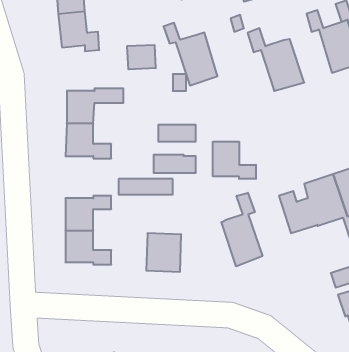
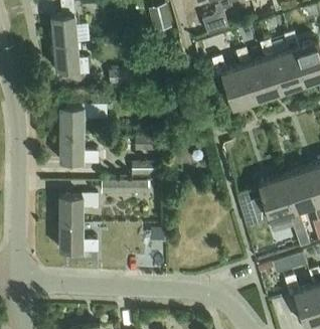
building: [163,23,218,86] -> [235,49,281,102]
building: [213,142,256,179] -> none
building: [221,193,262,266] -> none

